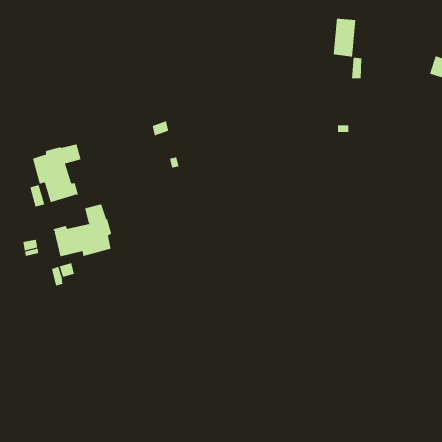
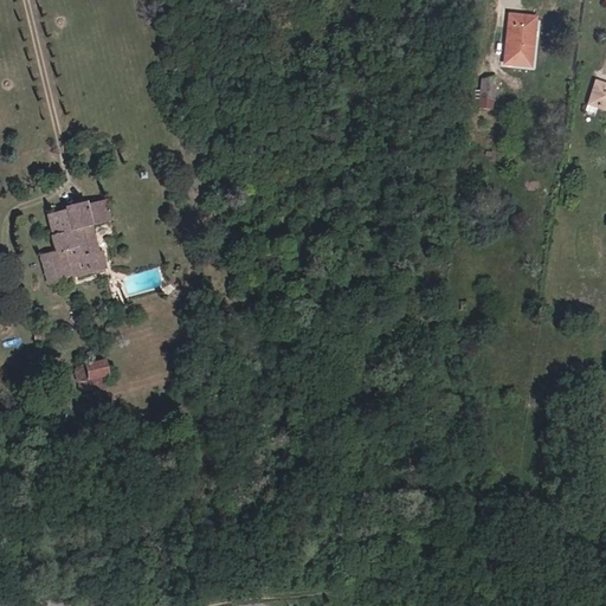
building: [333,18,356,57] -> [504,13,536,66]
building: [52,203,112,257] -> none

